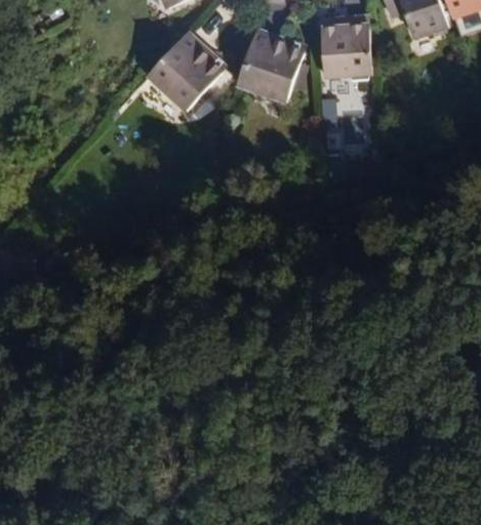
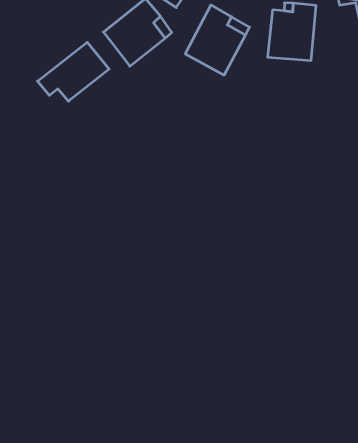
building: none -> [37,42,109,101]

